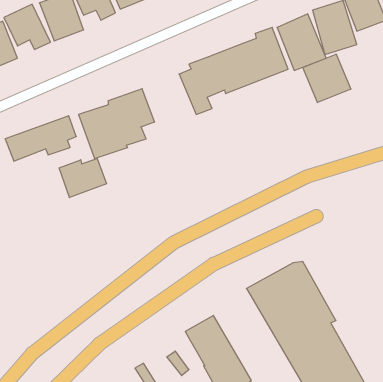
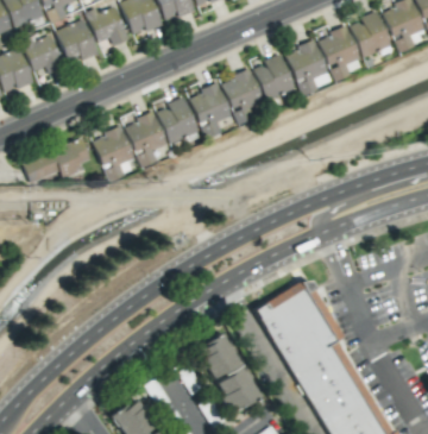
building: [303,54,351,103] -> none
building: none -> [156,98,199,144]
building: [59,158,106,198] -> none

